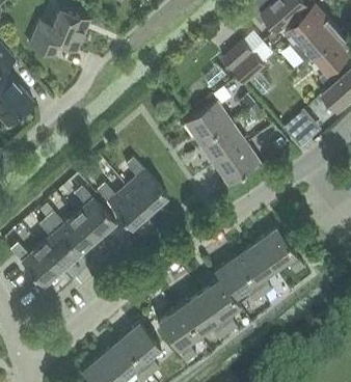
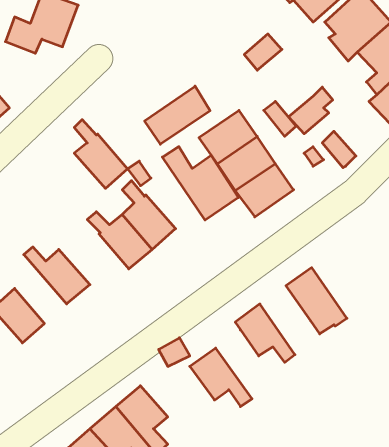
building: [232,47,267,84] -> [289,87,333,134]
building: none -> [145,86,210,144]
building: none -> [162,147,238,220]
building: [73,187,115,242] -> [74,120,128,188]
building: [37,218,79,273] -> none
building: [234,243,274,298] -> none
building: [198,278,238,333] -> none
building: [158,307,197,363] -> none

